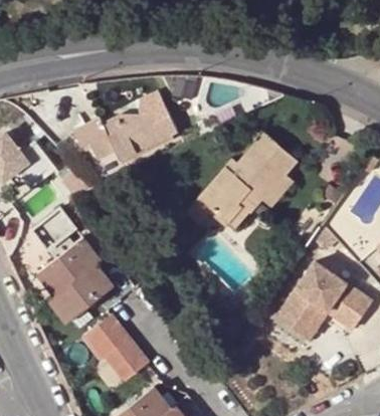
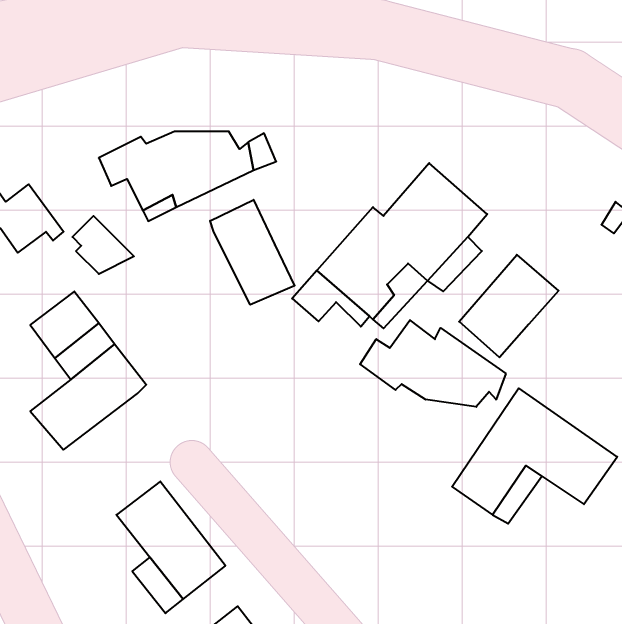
building: none -> [210,200,295,305]
building: none -> [459,255,559,357]
building: none -> [360,320,506,407]
building: [50,264,115,322] -> none

